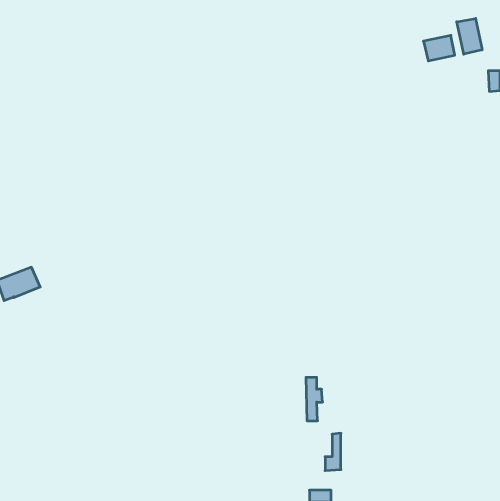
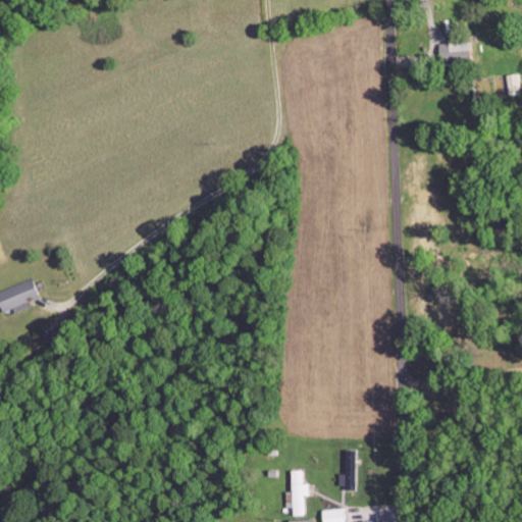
building: [457,18,482,54] -> none
building: [306,377,323,421] -> [291,471,308,516]

